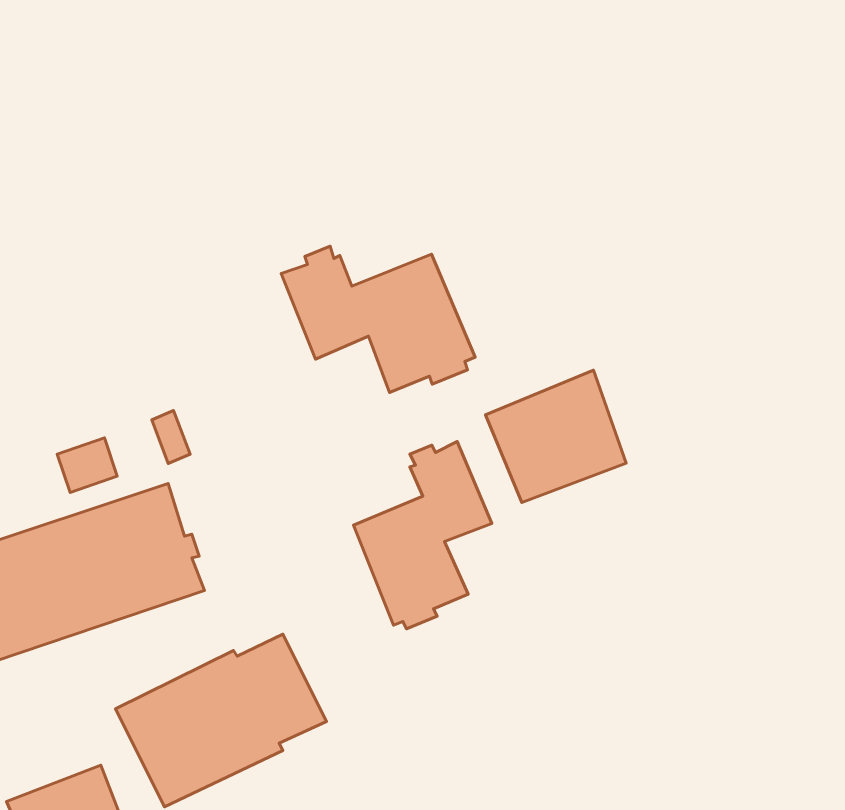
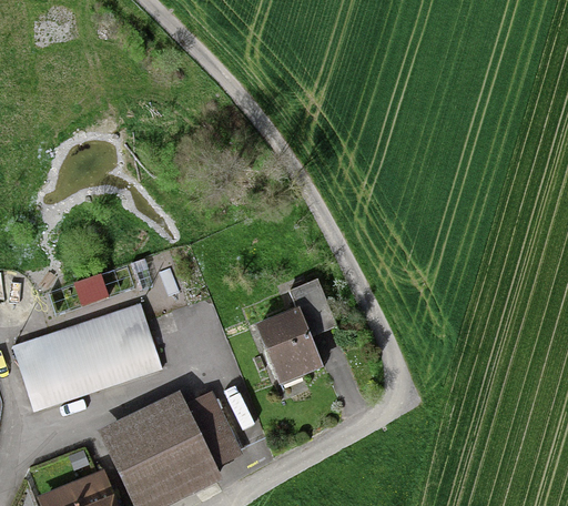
building: [281,246,475,392] -> none
building: [486,370,626,503] -> none

